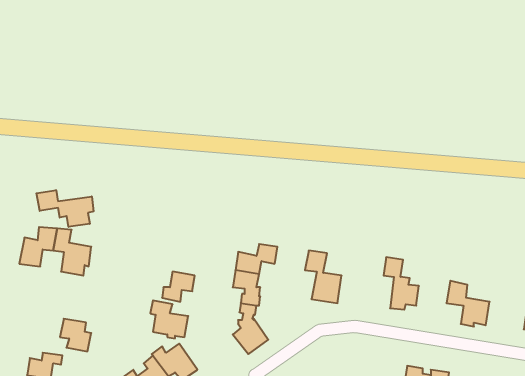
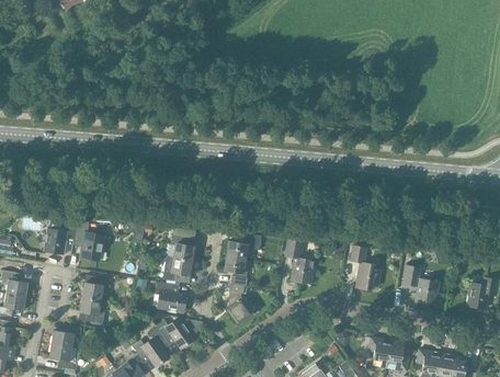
building: [36,190,94,227] -> none
building: none -> [166,233,194,260]
building: none -> [82,275,110,299]

